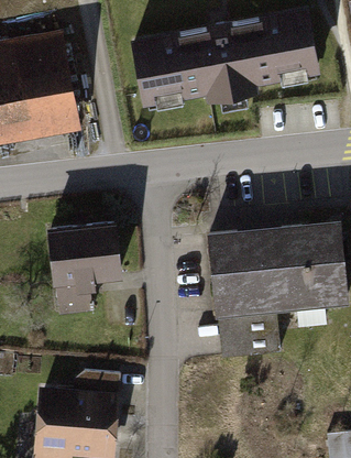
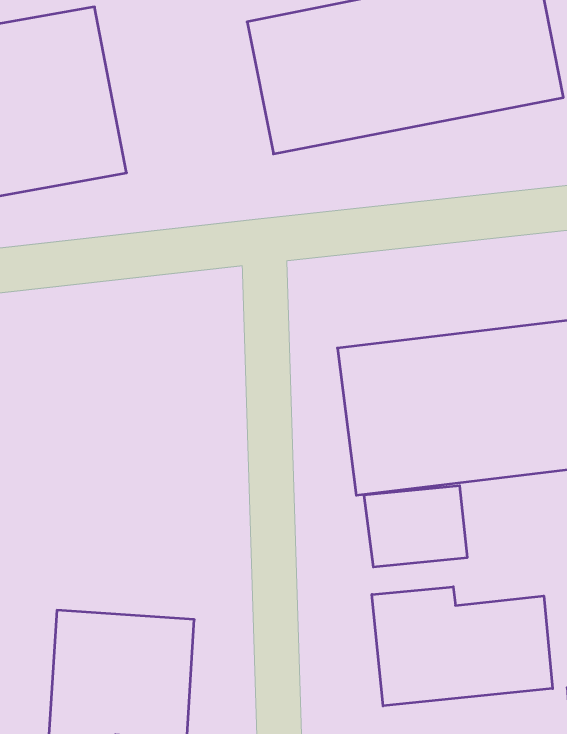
building: [41,220,117,318] -> none
building: none -> [372,587,553,706]

